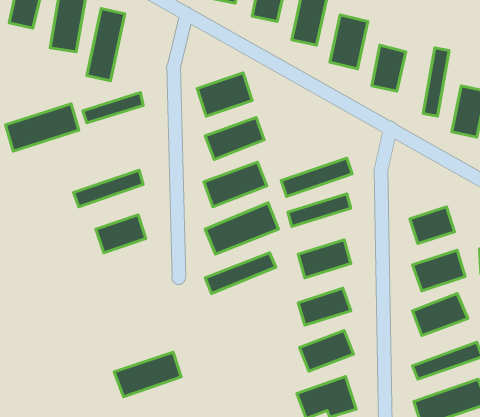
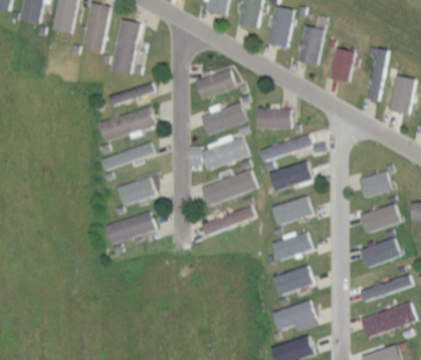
building: [5,104,79,151] -> [99,106,156,142]
building: none -> [256,108,291,129]
building: [114,352,181,397] -> [104,212,156,246]

